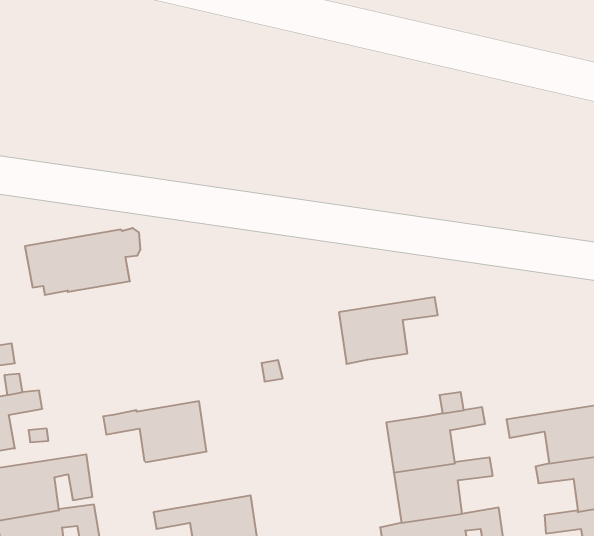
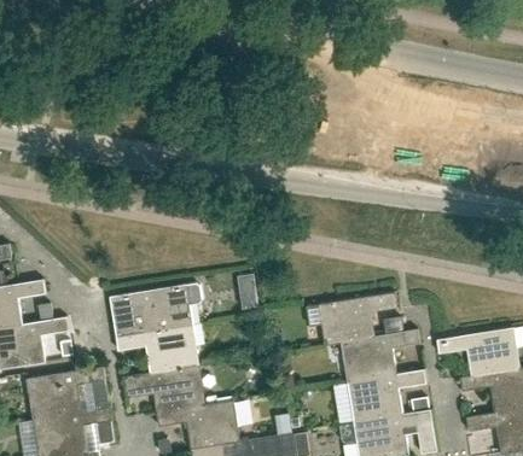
building: [25,228,141,295] -> [109,282,201,335]
building: [339,297,438,364] -> [318,292,396,345]
building: none -> [122,364,205,413]

